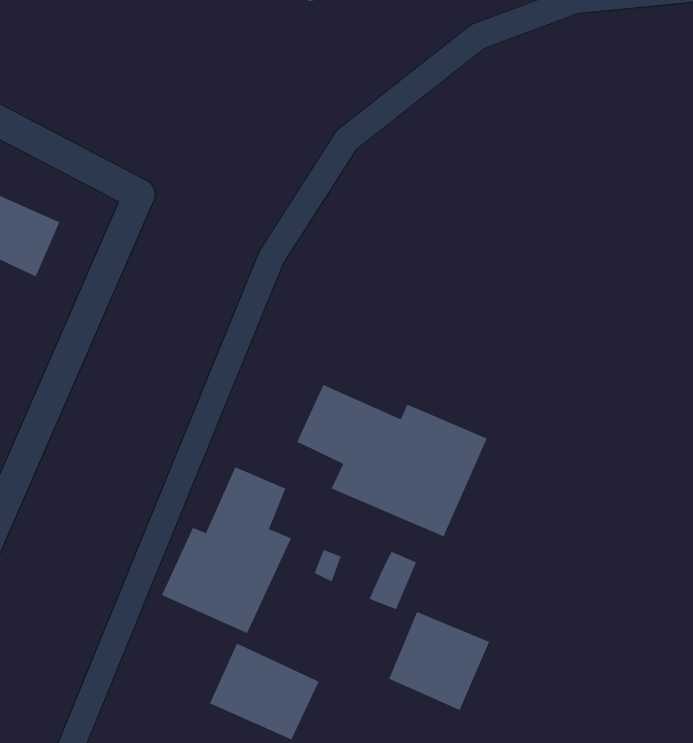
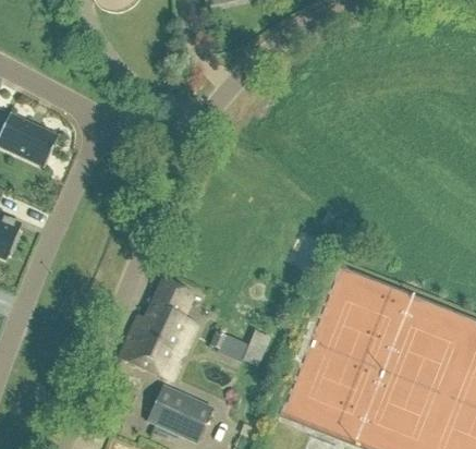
building: [297,384,487,537] -> none
building: [388,611,490,711] -> none

